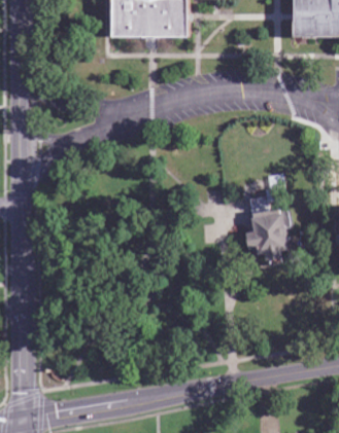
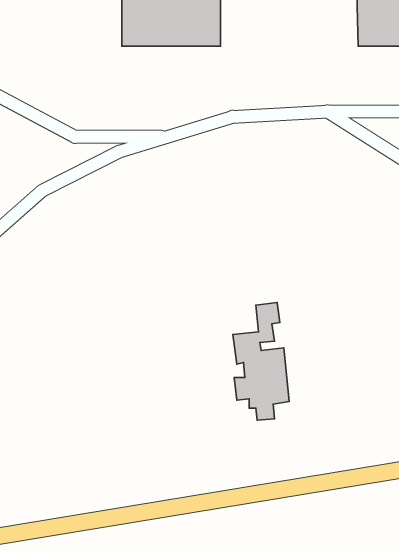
building: [241,172,284,262] -> [233,303,289,420]

